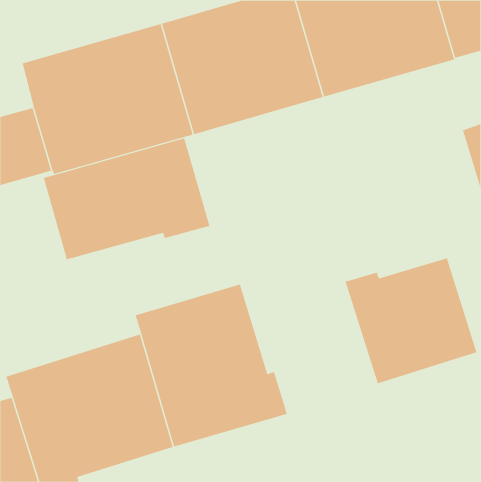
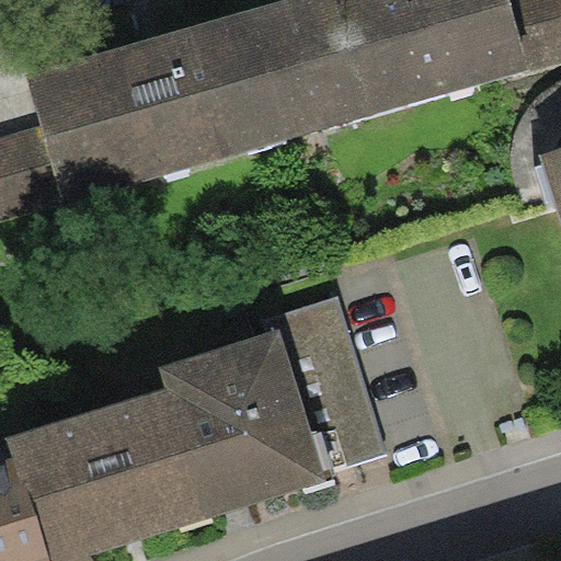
building: [43,137,210,260] -> none
building: none -> [274,296,387,470]
building: [345,257,477,384] -> none

